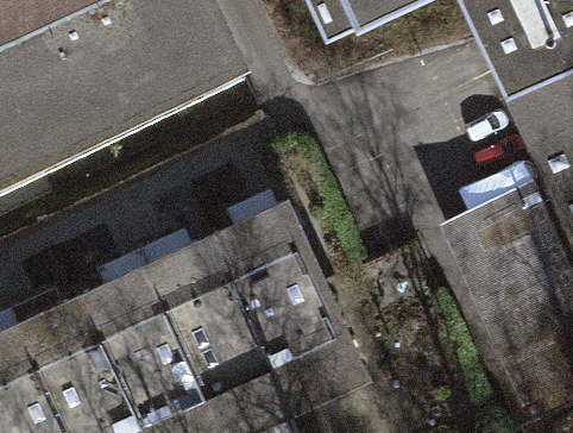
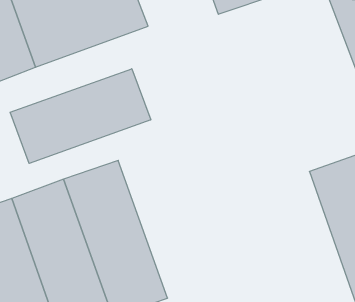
building: none -> [10,69,151,163]
building: [218,201,361,400] -> none

